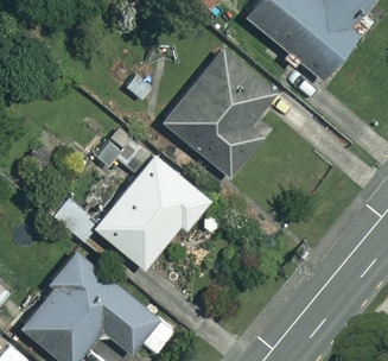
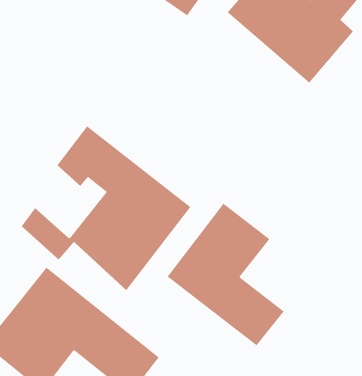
building: [163,49,280,179] -> none
building: none -> [167,203,285,346]

